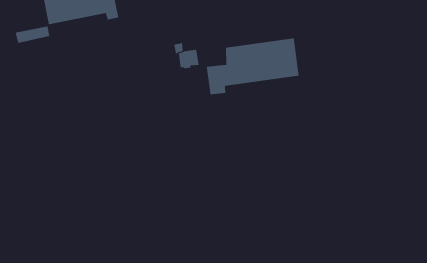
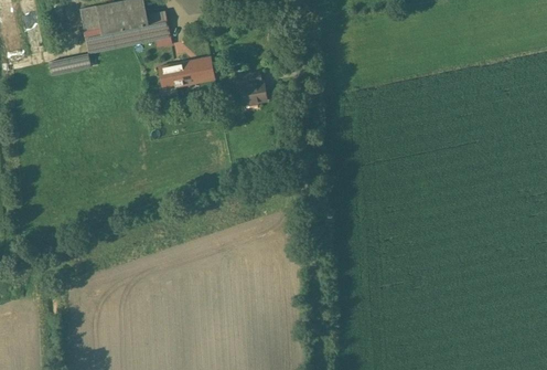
building: none -> [159,56,214,102]
building: [206,37,299,95] -> none

